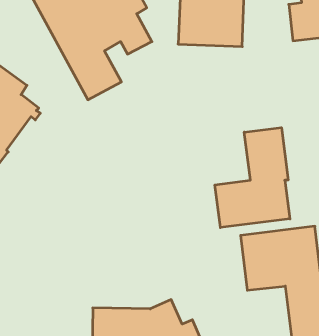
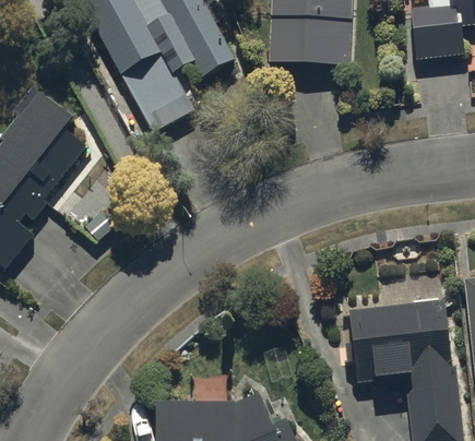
building: [215,128,290,228] -> none

